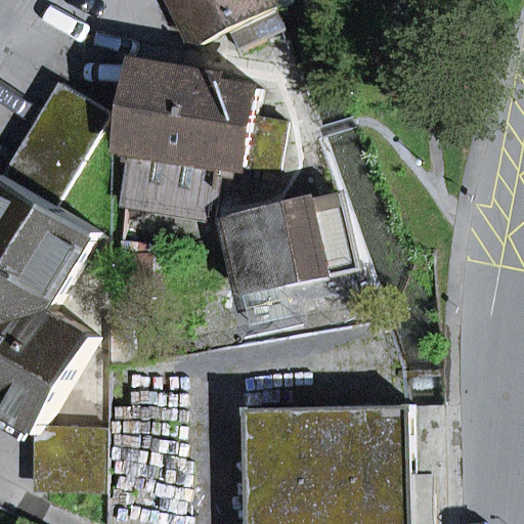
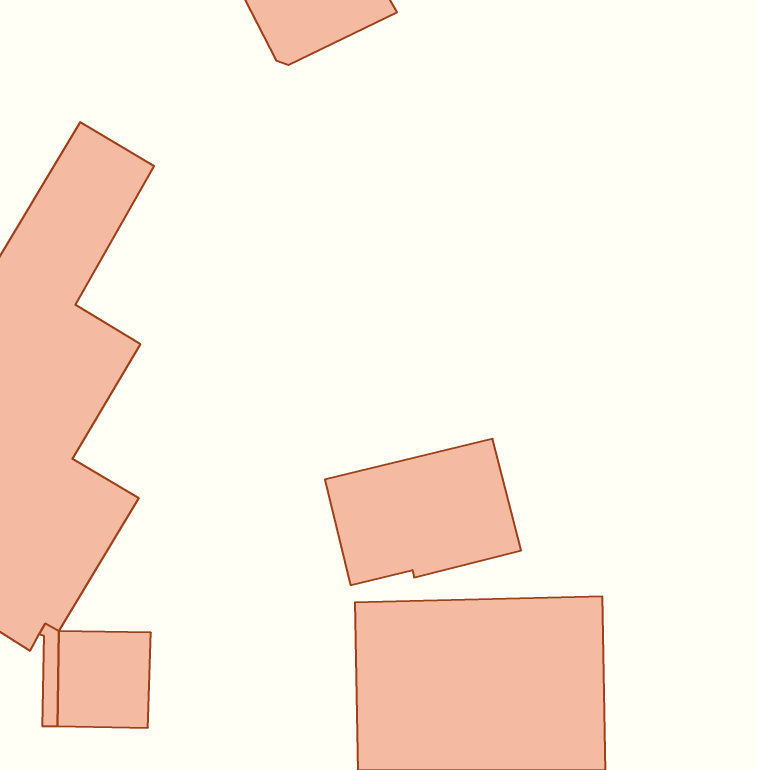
building: [117,63,281,219] -> none
building: [220,193,353,293] -> [325,439,521,585]

